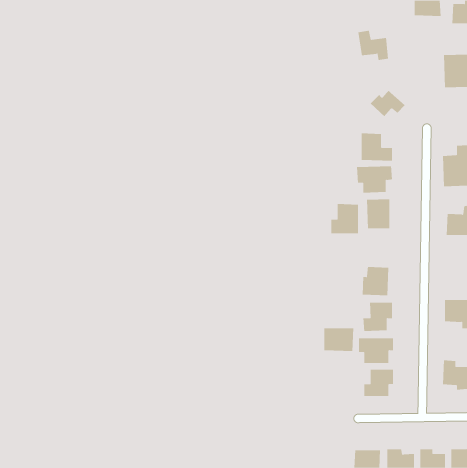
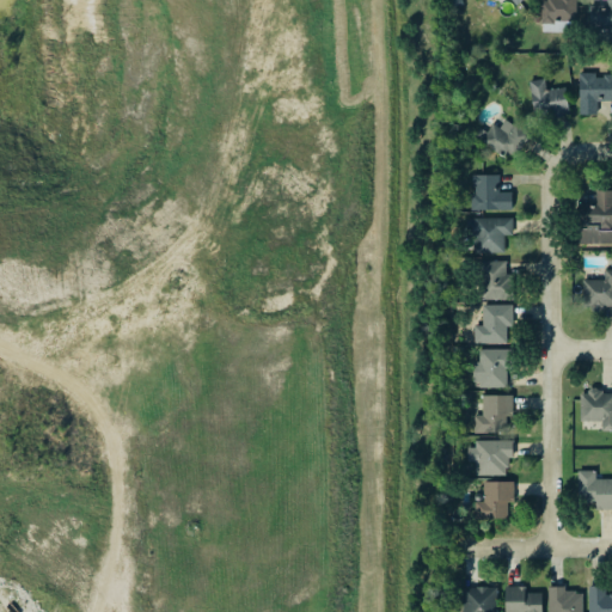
building: [358,30,389,61] -> [530,78,570,117]
building: [330,204,359,234] -> [475,304,512,343]
building: [324,328,354,352] -> none

